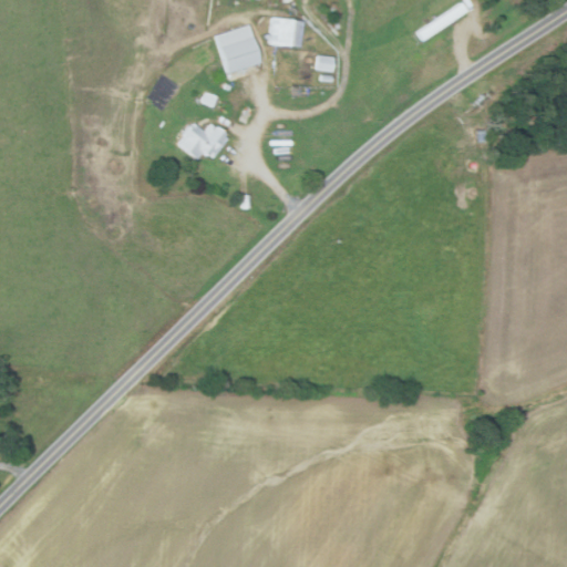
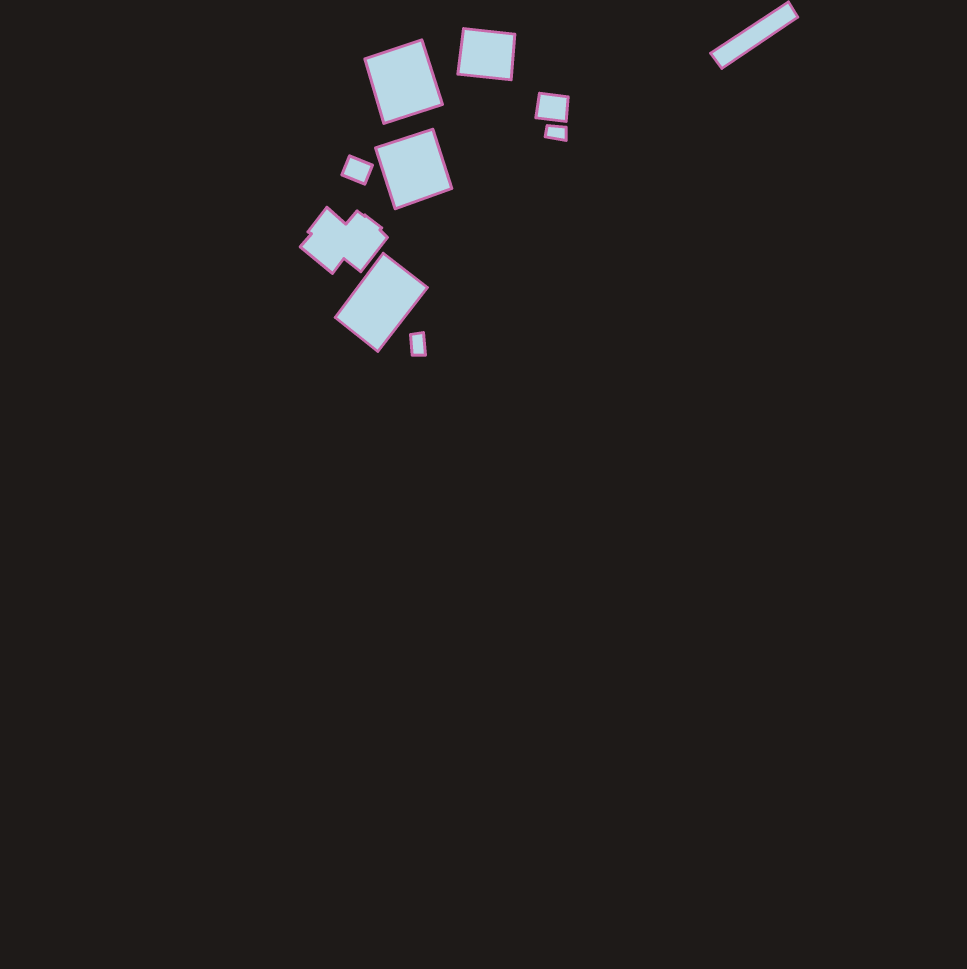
building: none -> [375,129,452,209]
building: none -> [335,253,428,351]

